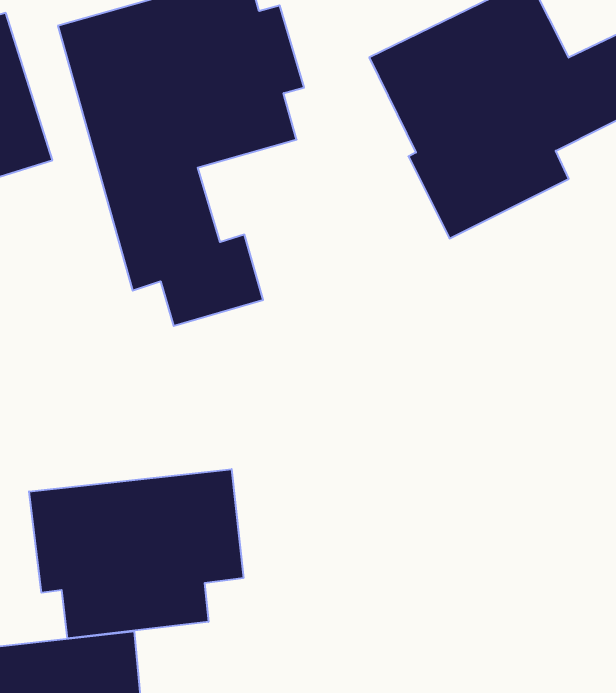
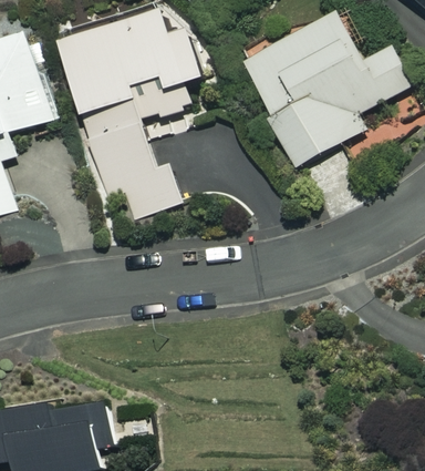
building: [29,469,243,638] -> none

